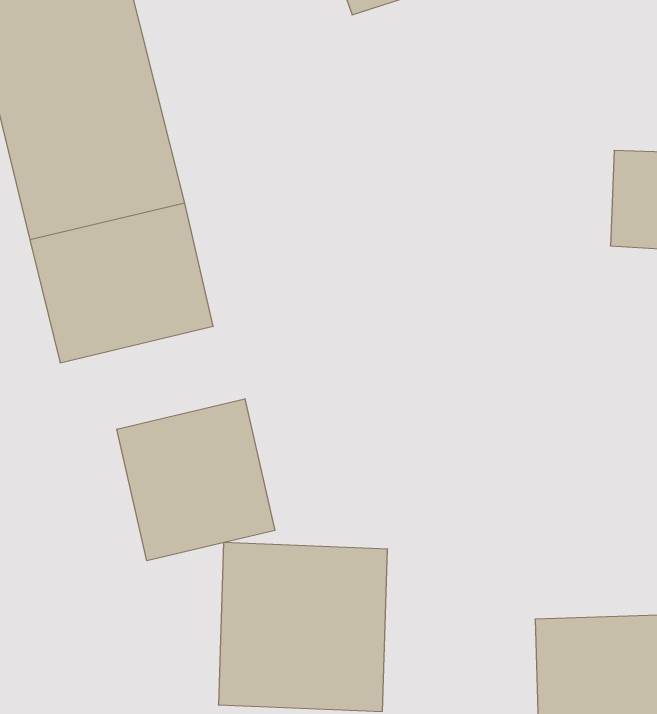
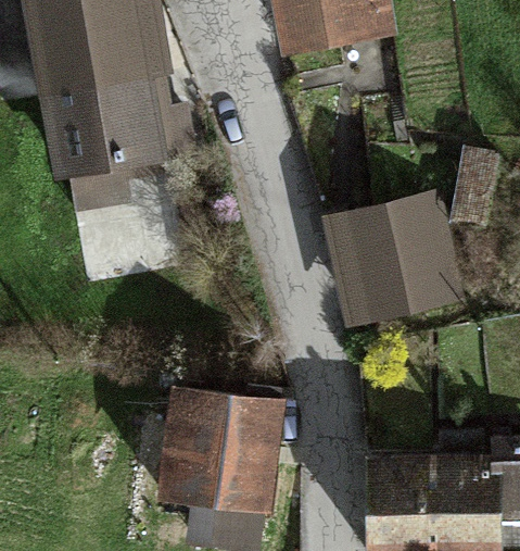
building: none -> [325,199,449,315]
building: [117,399,275,561] -> none

